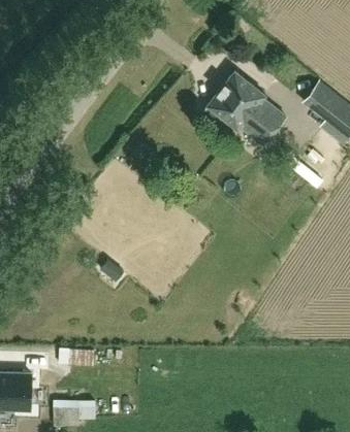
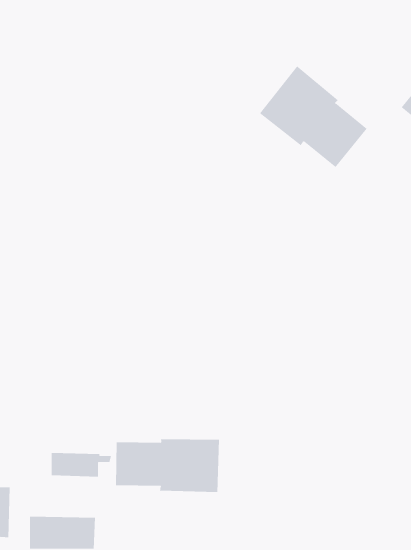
building: none -> [115,439,220,493]

